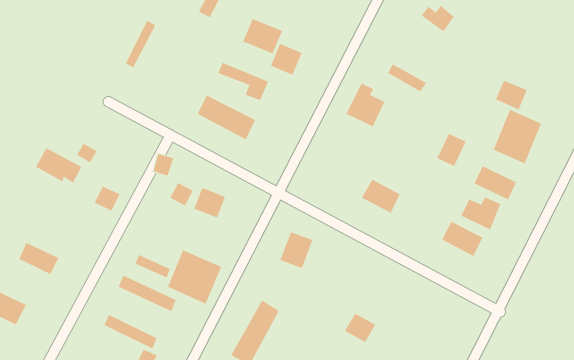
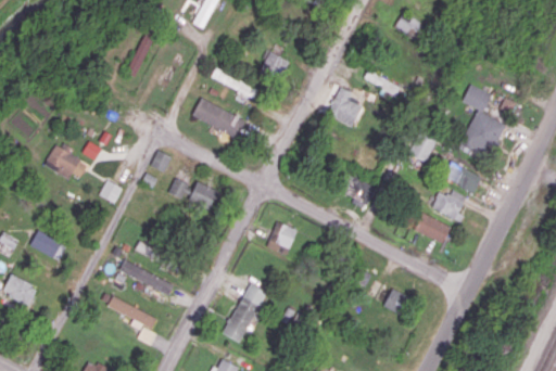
building: [243,18,283,54] -> none
building: [167,249,222,305] -> none
building: [344,313,376,343] -> [383,289,413,316]

